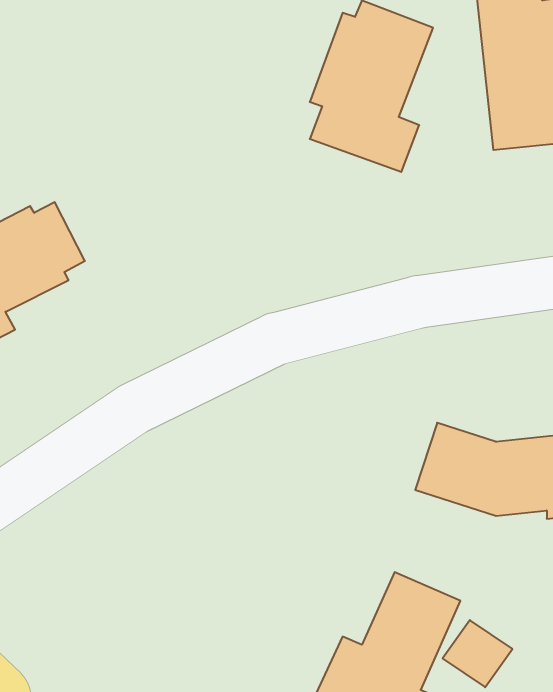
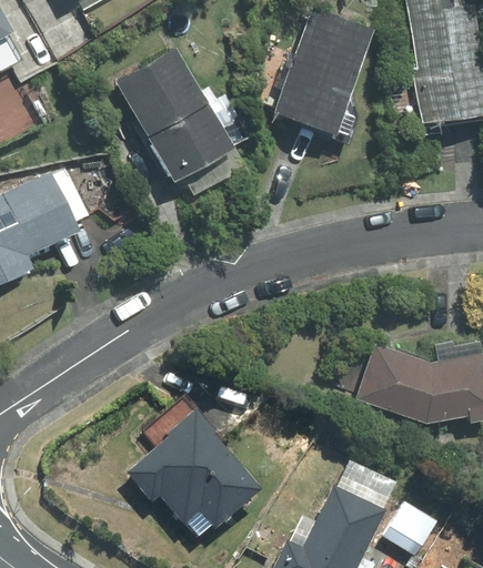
building: none -> [112,42,254,196]
building: none -> [127,396,260,545]

